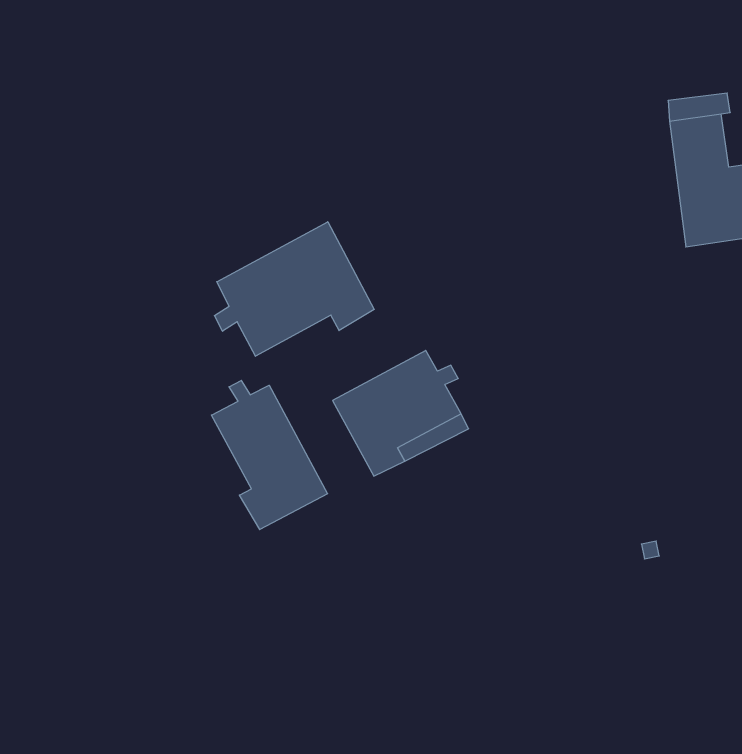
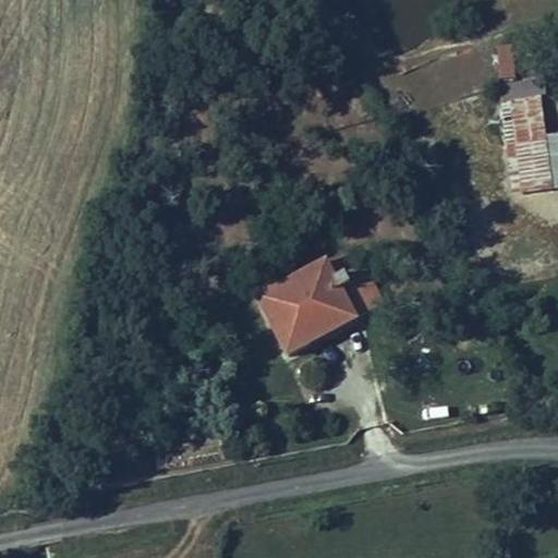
building: [214,222,374,356] -> none
building: [211,380,328,530] -> none

